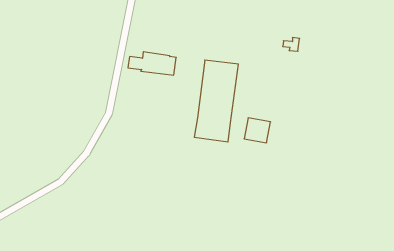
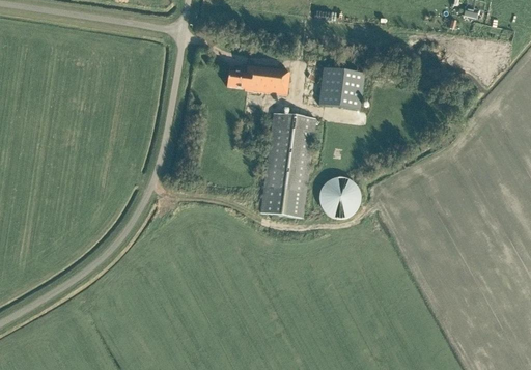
building: none -> [317,66,363,109]
building: [128,52,176,75] -> [226,64,288,94]

